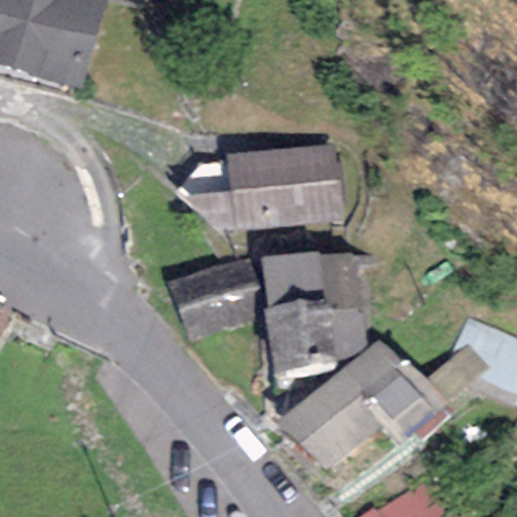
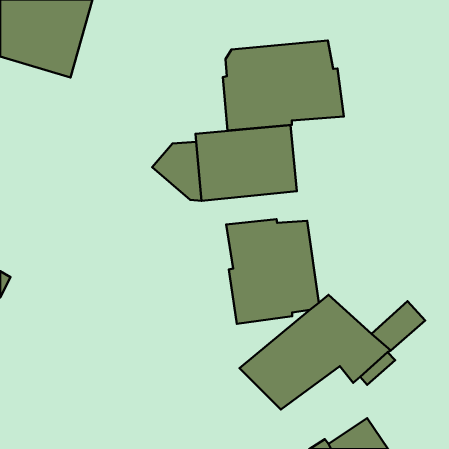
building: none -> [223,40,344,130]
building: [168,257,269,340] -> none

